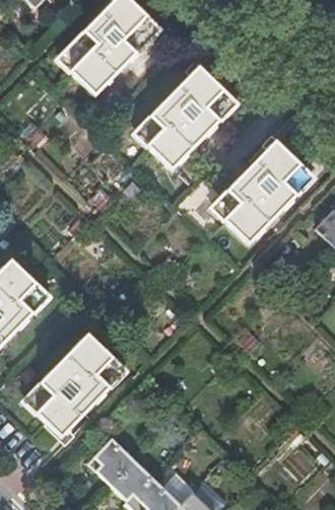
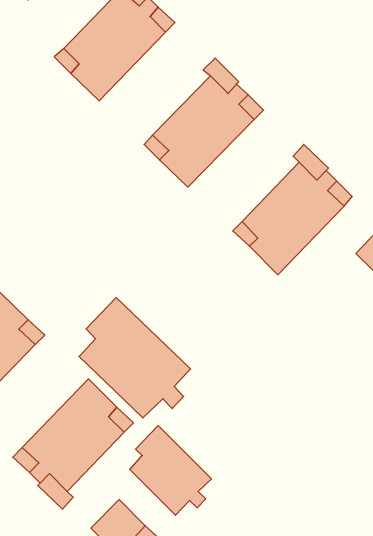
building: none -> [79,298,191,418]
building: none -> [130,426,211,515]

